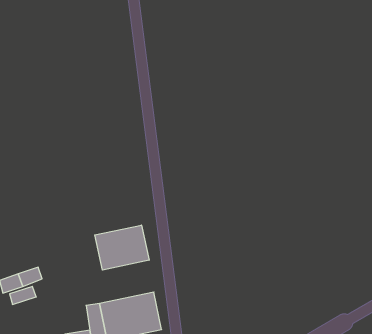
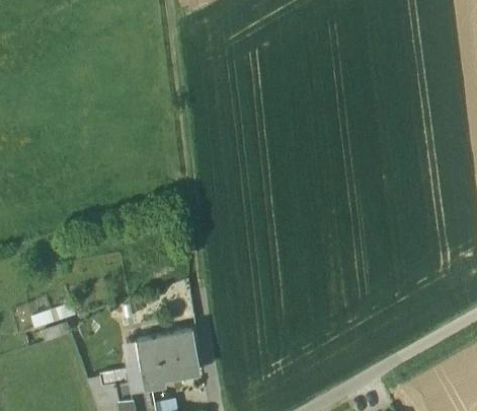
building: [95,225,149,270] -> none

